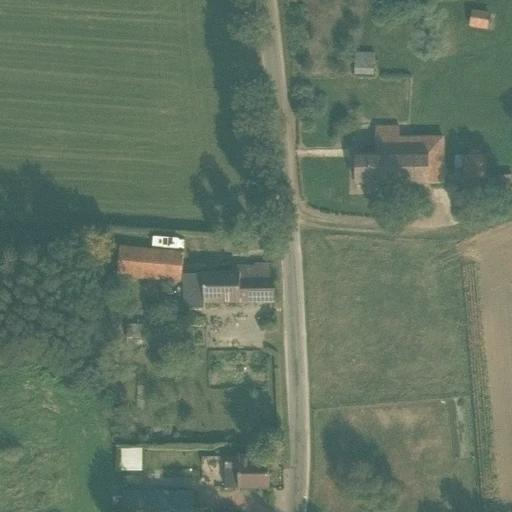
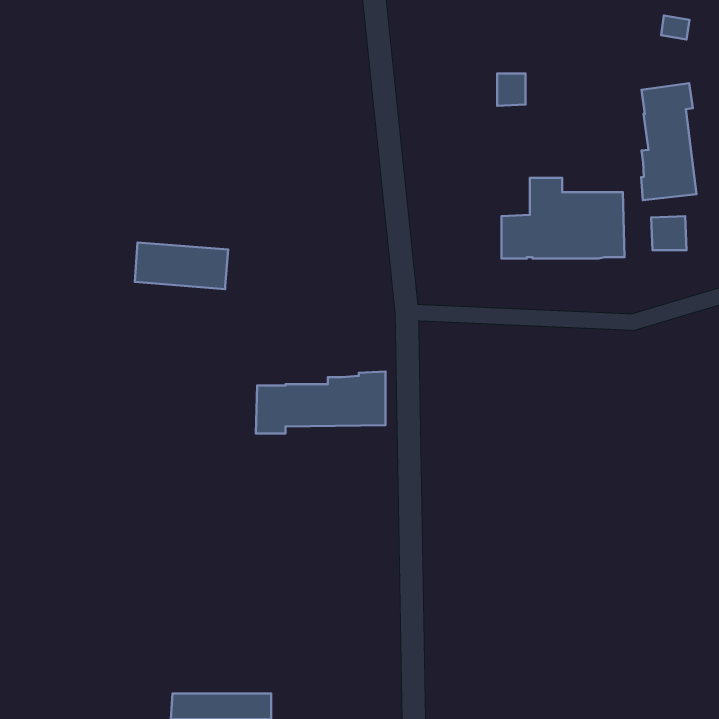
building: none -> [641,83,696,200]
building: [116,246,182,279] -> [135,242,228,289]
building: [224,455,267,487] -> none

